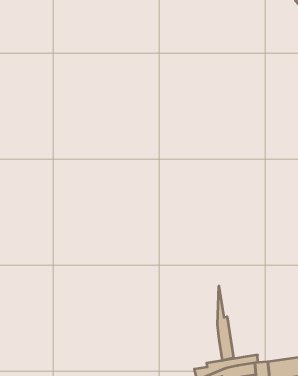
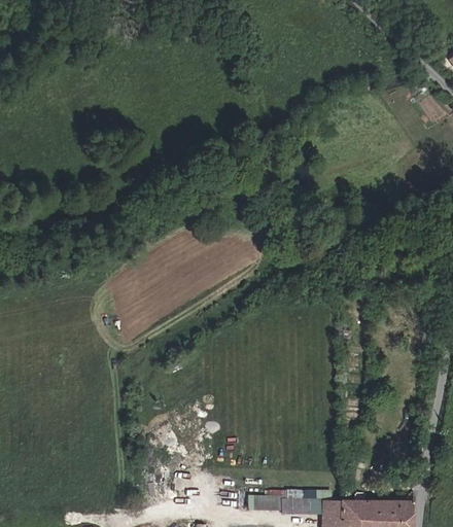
building: [217,286,234,361] -> none

